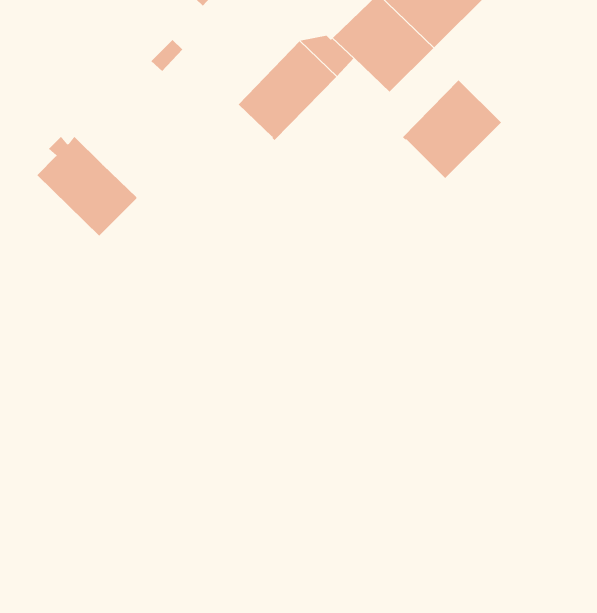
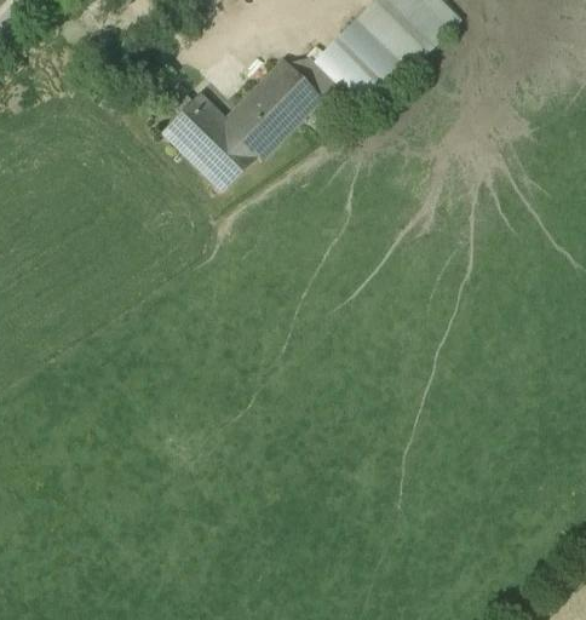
building: [402,80,502,179] -> none
building: [36,136,137,236] -> [165,92,258,185]

